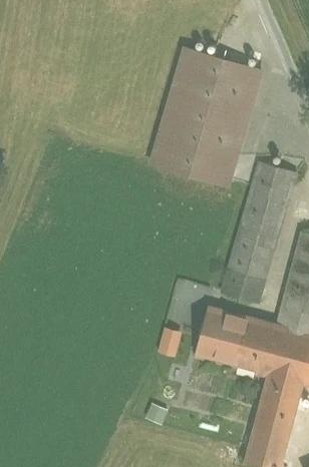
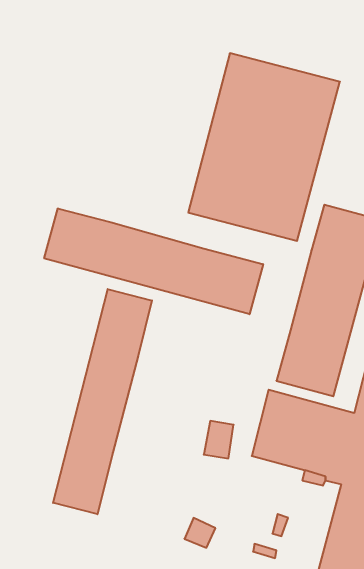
building: none -> [44,208,263,314]
building: none -> [53,289,152,514]

